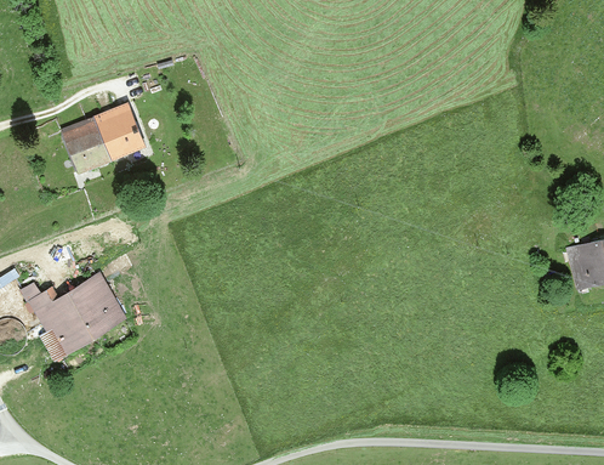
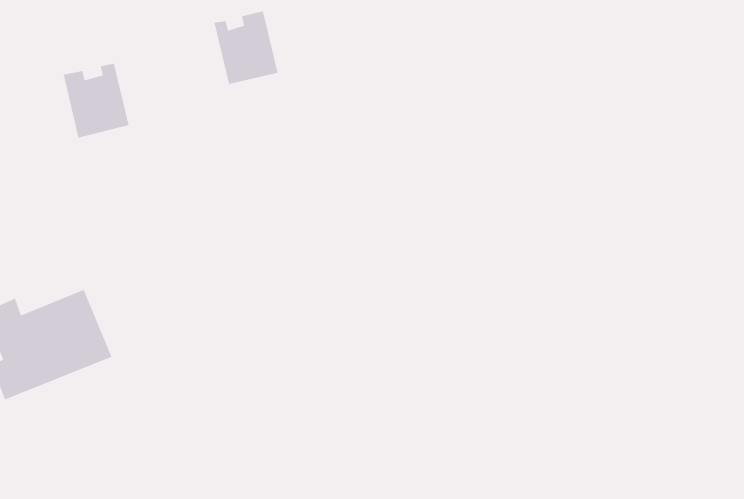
building: [95,103,144,158] -> [214,11,278,85]

